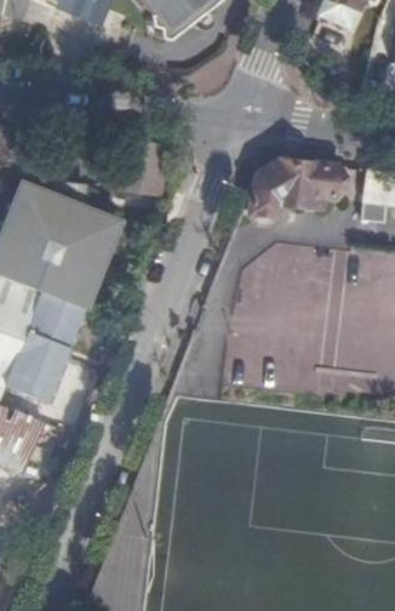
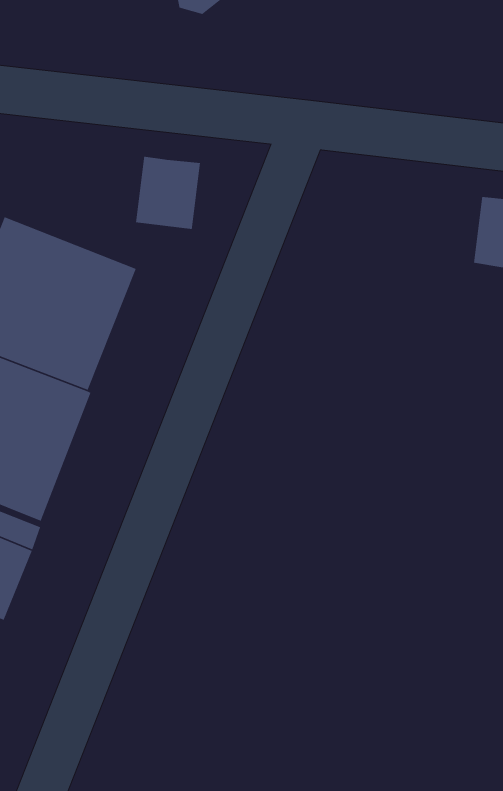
building: [244,159,340,223] -> none

